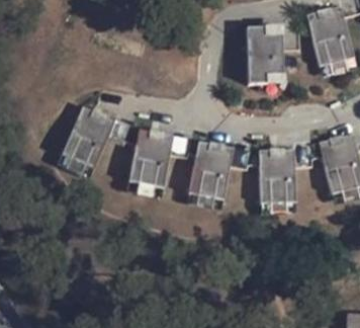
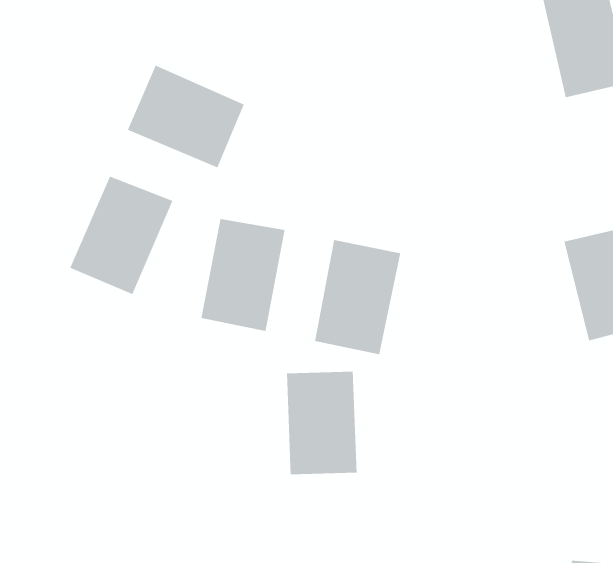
building: [247,27,283,86] -> none
building: none -> [127,64,245,168]
building: [258,151,295,206] -> [286,371,358,475]

